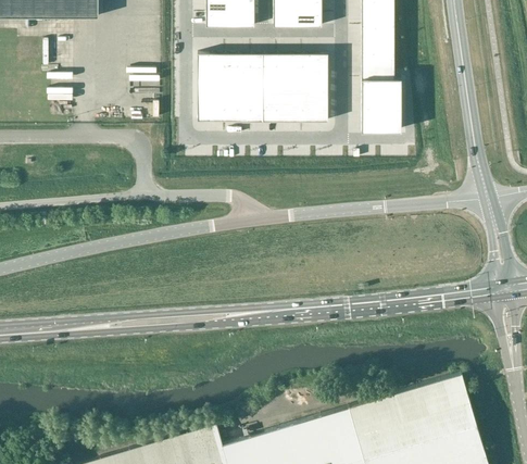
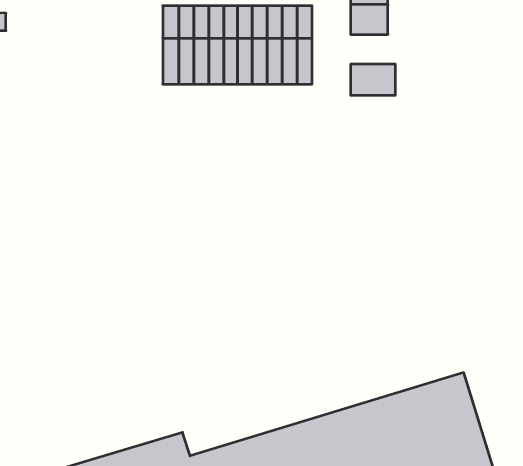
building: [361,77,400,103] -> none

